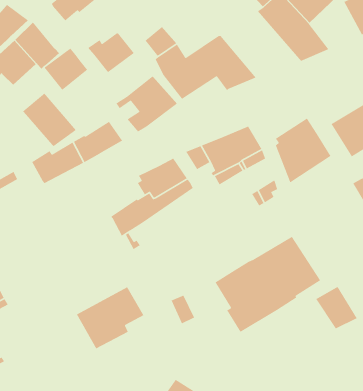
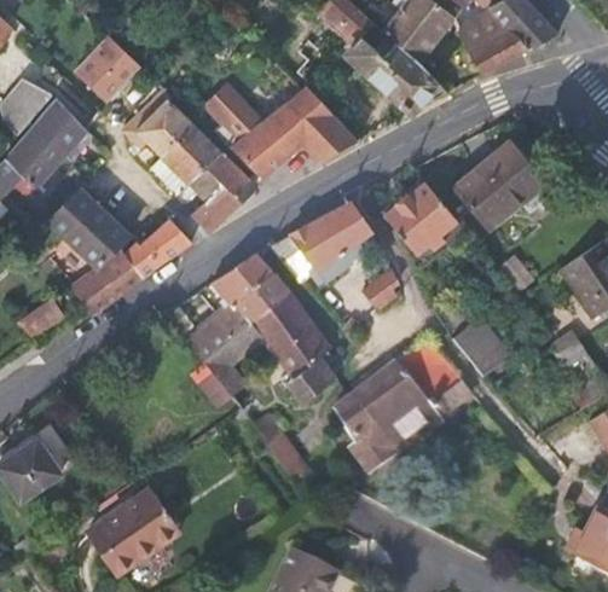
building: [44,48,88,91] -> [160,124,219,182]
building: none -> [228,294,336,401]
building: [315,286,358,330] -> [452,319,511,377]
building: [76,286,144,350] -> [88,489,179,578]

